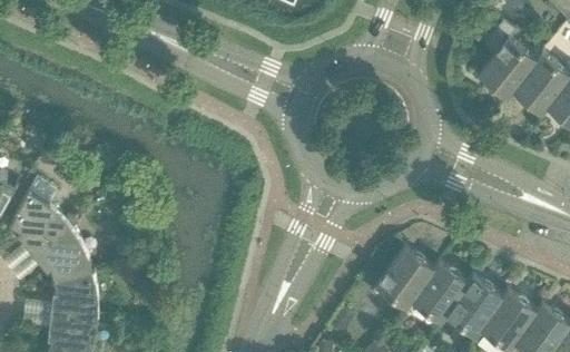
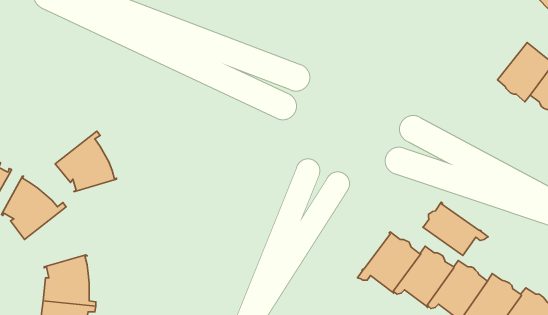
building: [478,21,543,98] -> none
building: none -> [423,202,488,256]
building: [32,221,95,282] -> [55,131,117,191]

